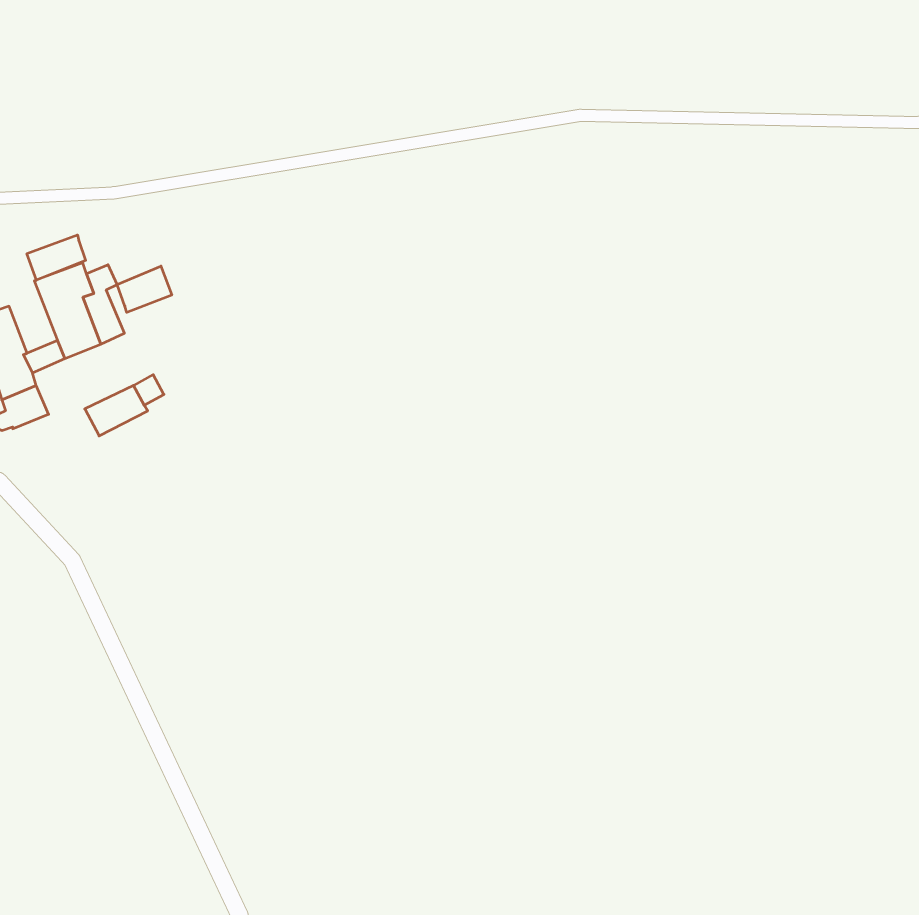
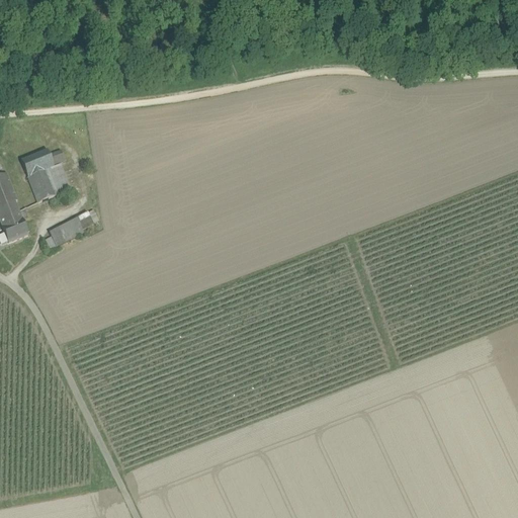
building: [27,235,86,280] -> none
building: [117,266,172,312] -> none

